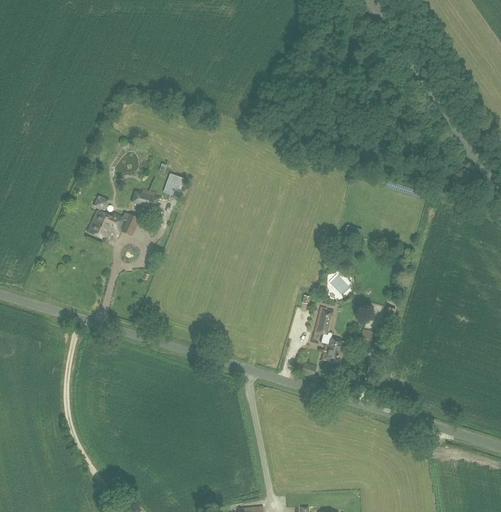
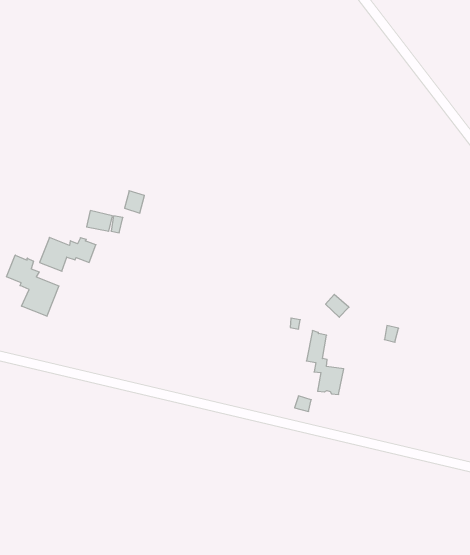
building: none -> [7,255,59,316]

